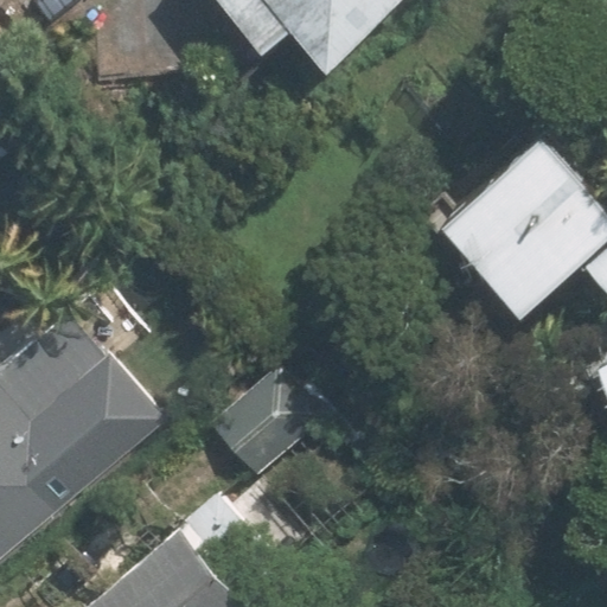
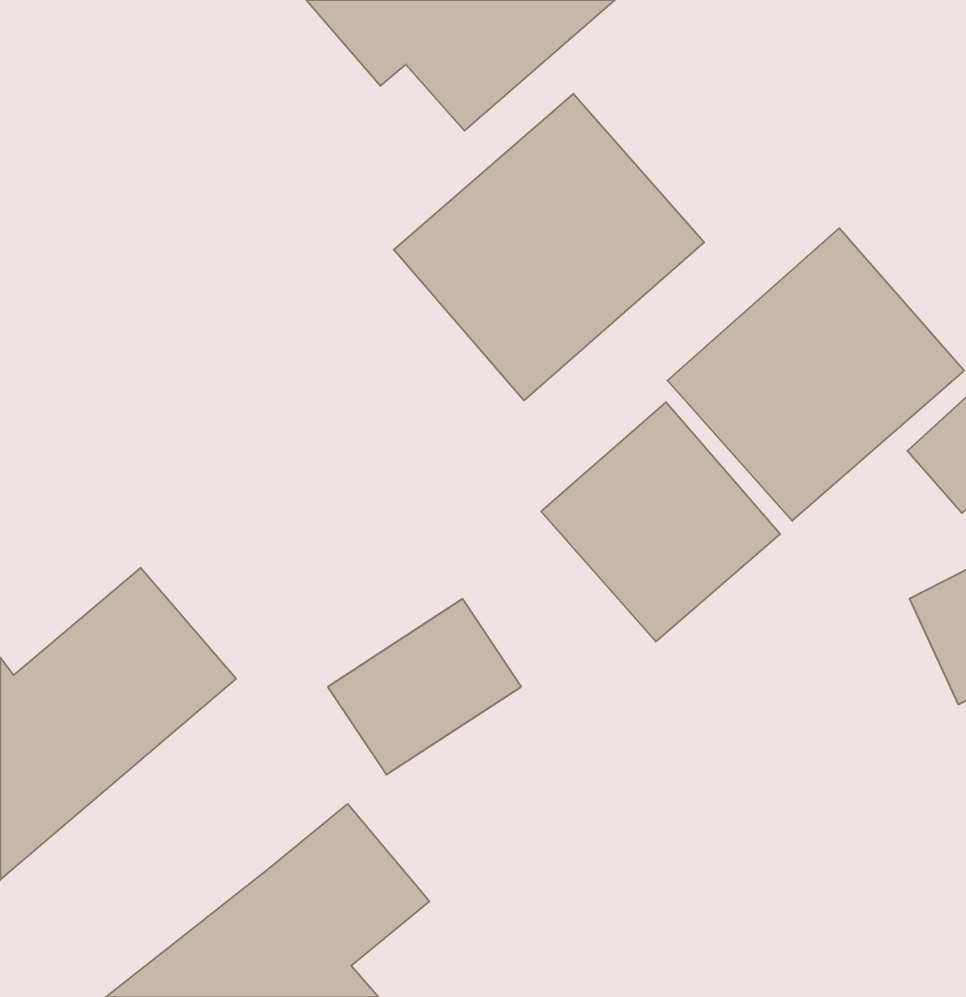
building: none -> [394,94,704,400]
building: none -> [541,402,780,642]

